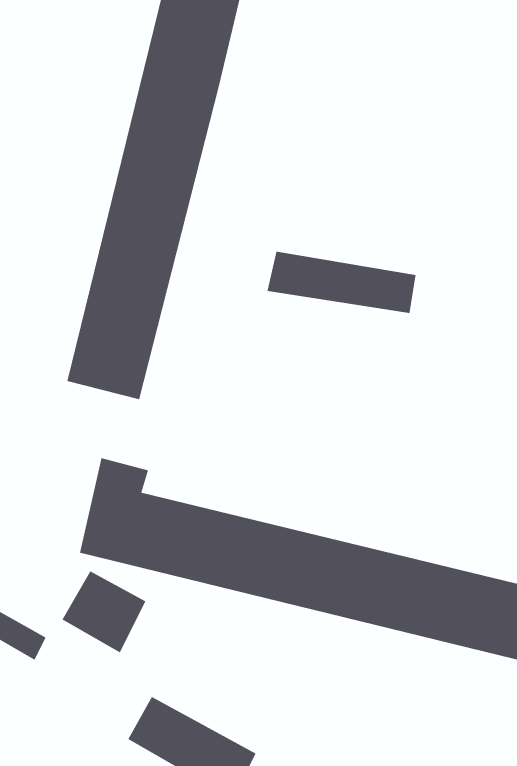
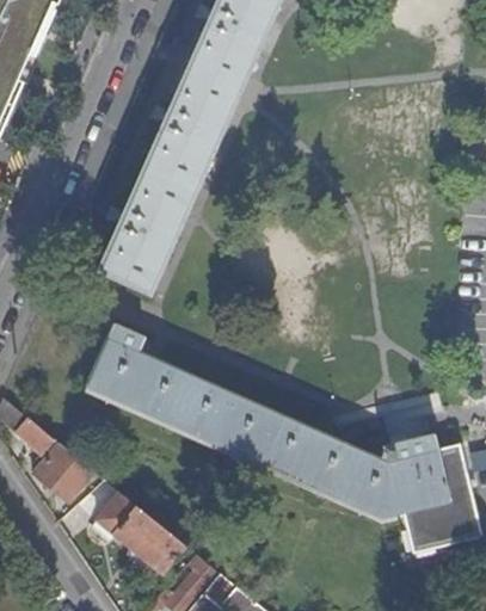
building: [267,251,416,314] -> none
building: [62,571,146,653] -> [35,444,94,504]

